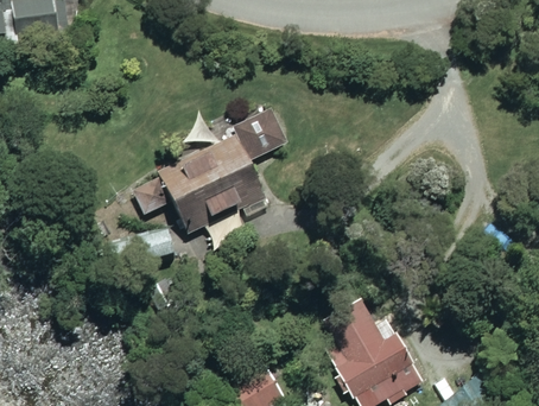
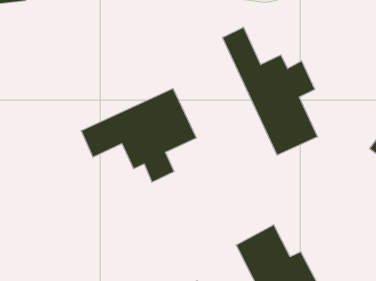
building: none -> [223,27,318,155]

